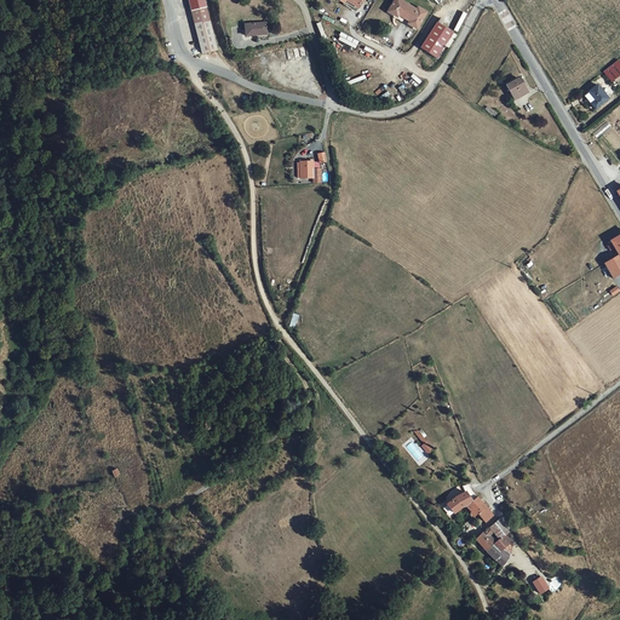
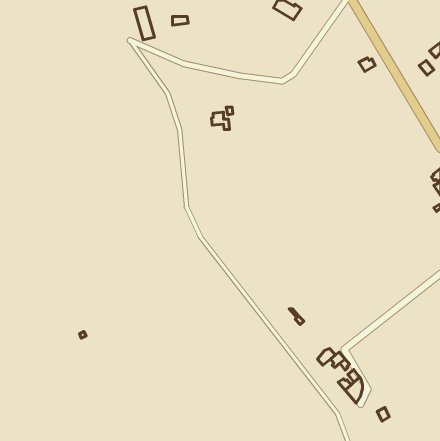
building: [418,22,449,57] -> none

